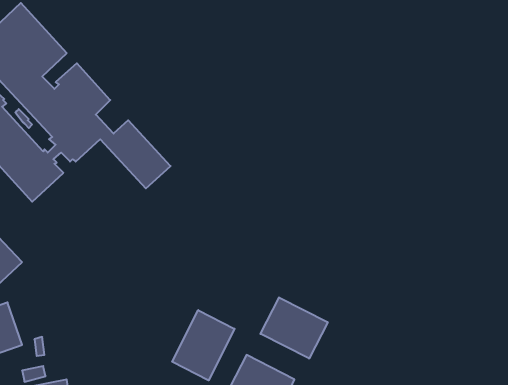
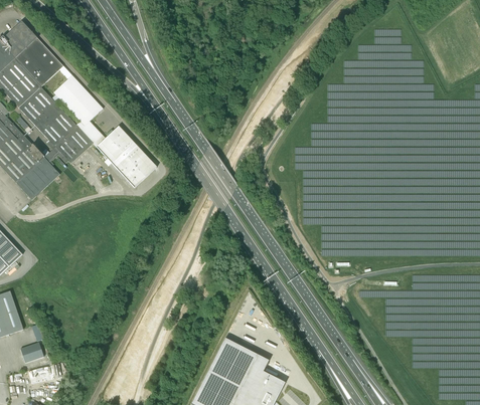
building: [260,297,328,359] -> none
building: [172,310,235,380] -> none

